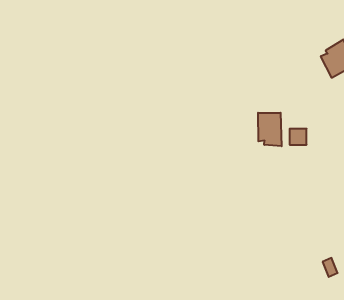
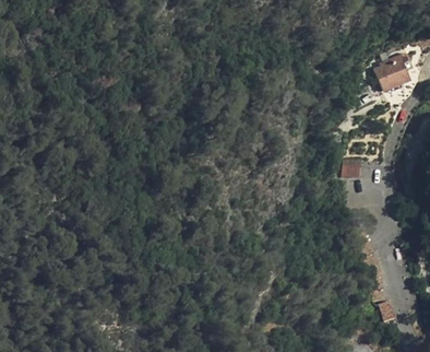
building: [258,113,282,146] -> none

